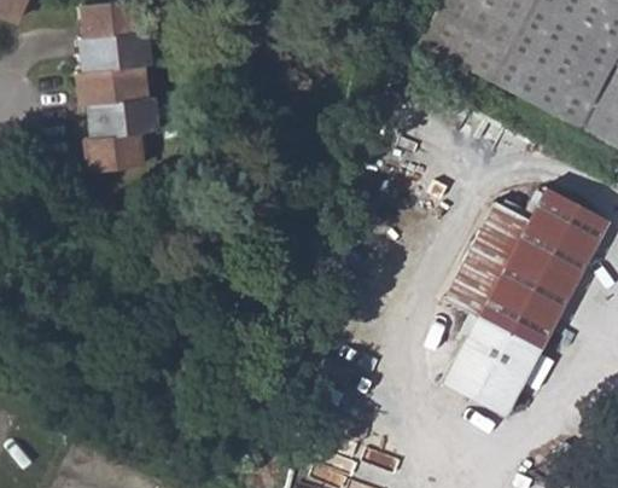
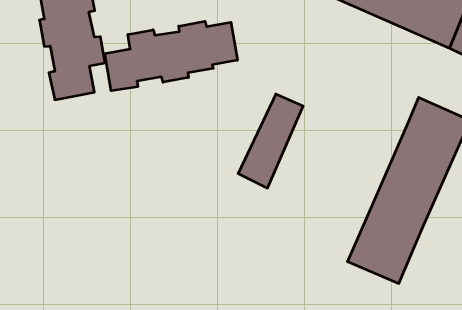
building: none -> [105,21,237,91]
building: [443,204,529,319] -> [238,94,303,188]

